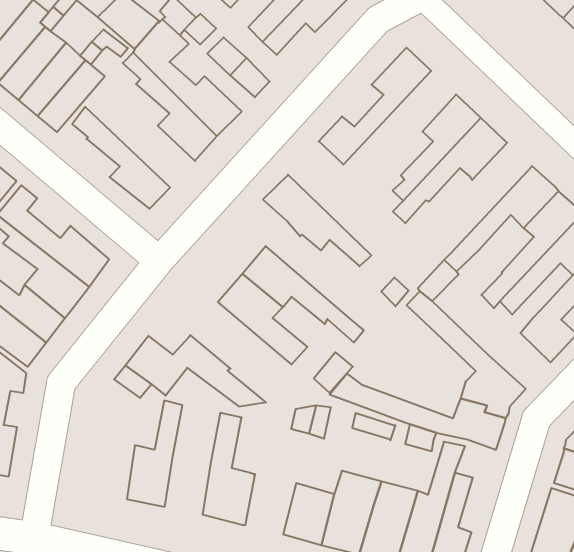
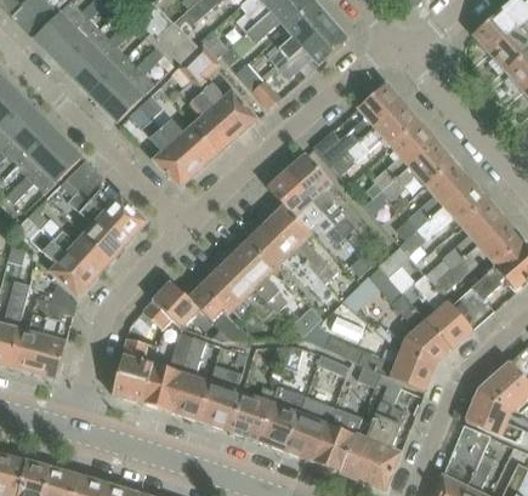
building: none -> [330,102,420,176]
building: none -> [140,86,218,171]
building: none -> [396,161,472,240]
building: none -> [288,153,356,236]
building: none -> [266,205,335,283]
building: none -> [414,274,473,348]
building: none -> [203,261,273,319]
building: none -> [171,336,209,420]
building: none -> [113,337,158,403]
building: none -> [231,393,272,440]

